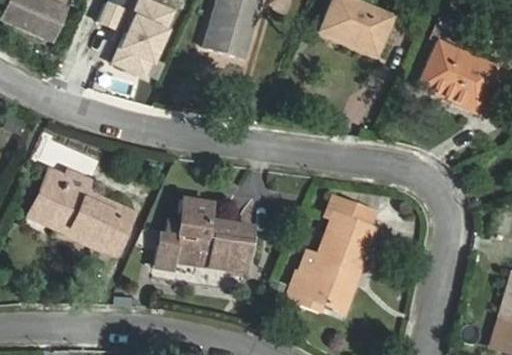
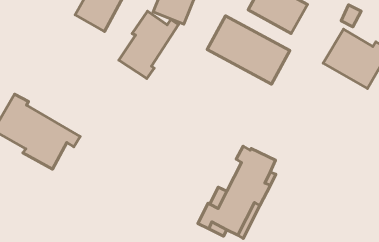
building: none -> [207,16,290,84]
building: none -> [119,11,179,78]
building: [157,197,252,269] -> none

